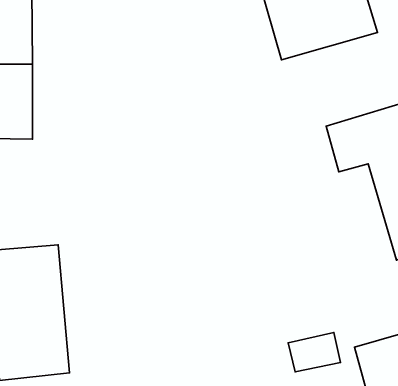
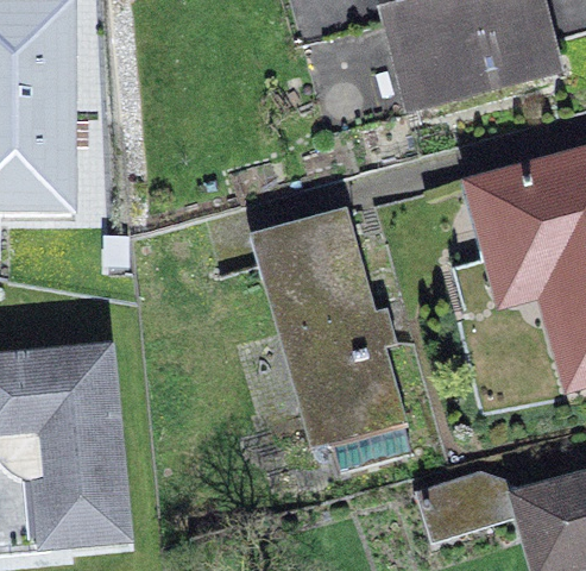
building: none -> [250,208,415,469]

